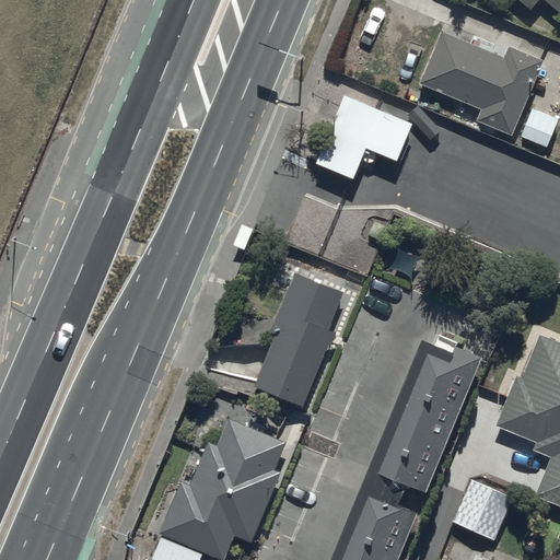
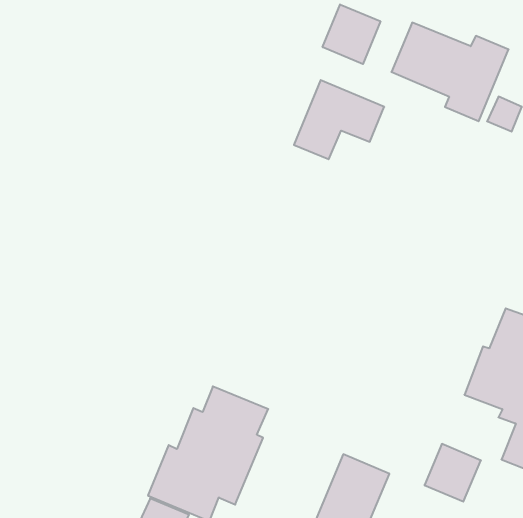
building: none -> [323,4,380,64]
building: [255,273,343,407] -> none
building: [376,345,482,490] -> none

